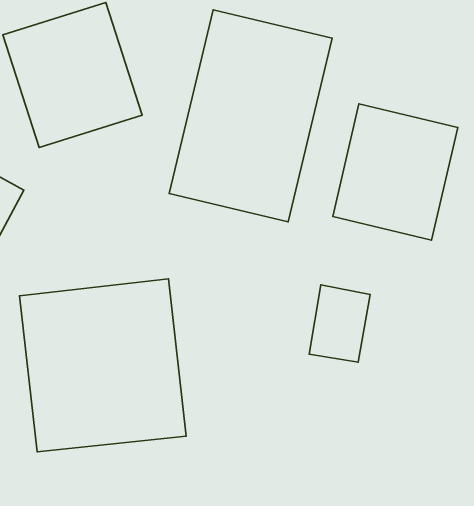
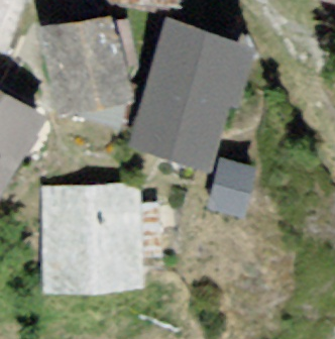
building: [333,104,458,240] -> none

